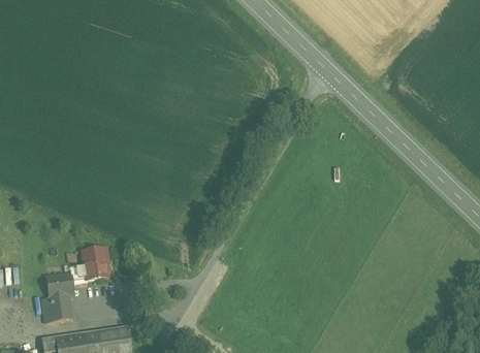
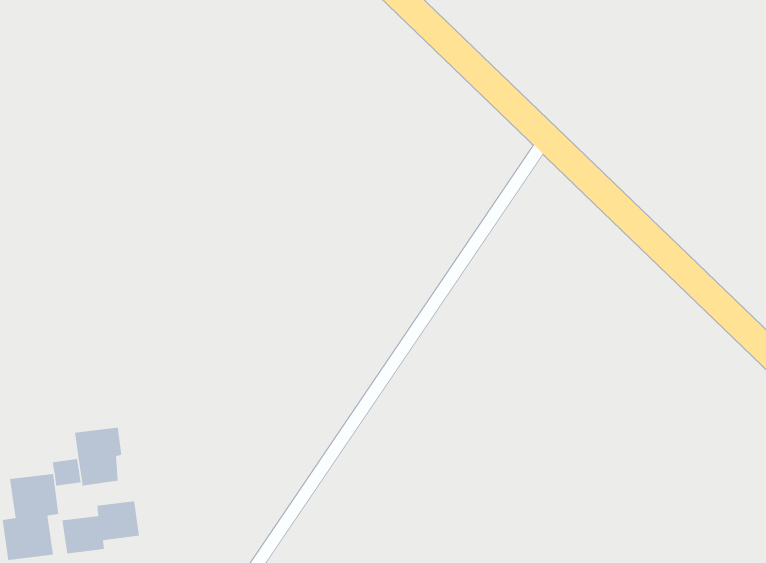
building: none -> [62,500,140,554]

